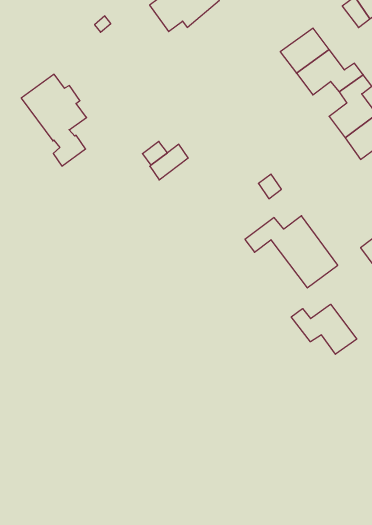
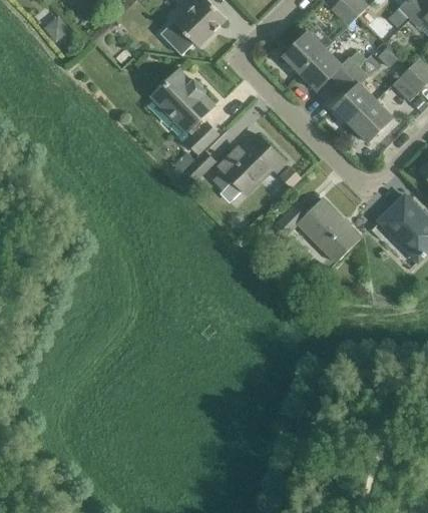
building: [21,74,87,166] -> [151,72,215,152]
building: none -> [210,135,284,200]
building: [291,304,357,354] -> none

